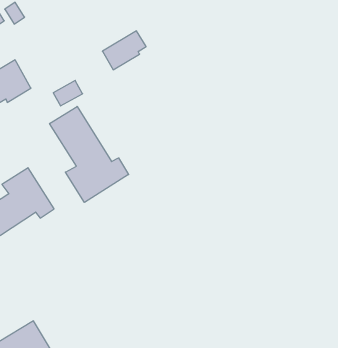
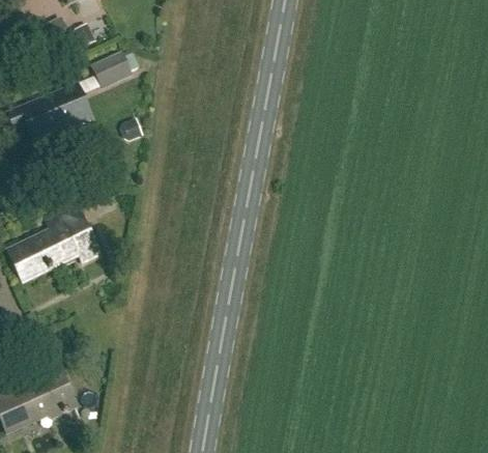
building: [102,31,146,70] -> [90,46,139,85]
building: [50,106,129,202] -> none

